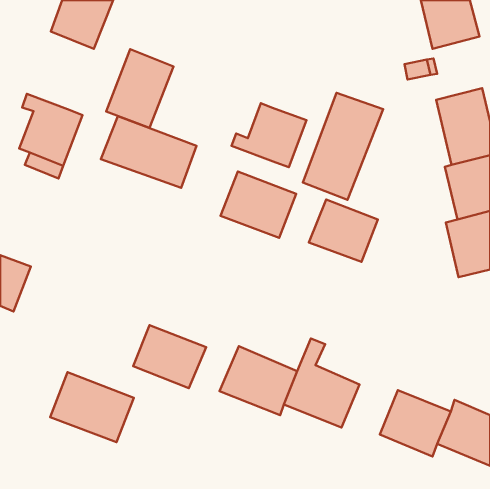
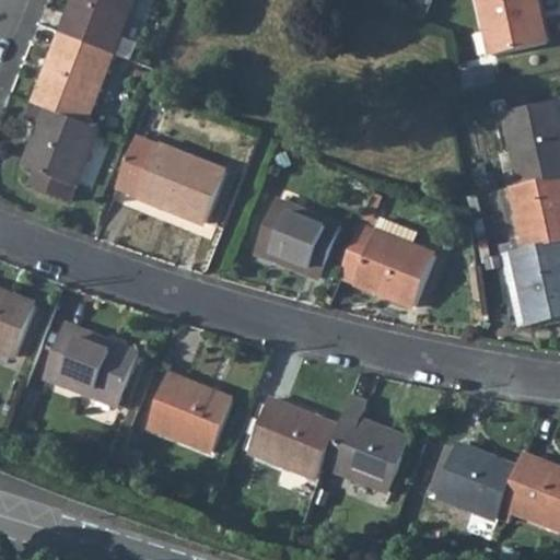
building: [106,49,173,128] -> [31,37,107,127]
building: [303,93,383,200] -> none
building: [231,103,307,167] -> none
building: [50,372,134,442] -> [45,323,140,402]

